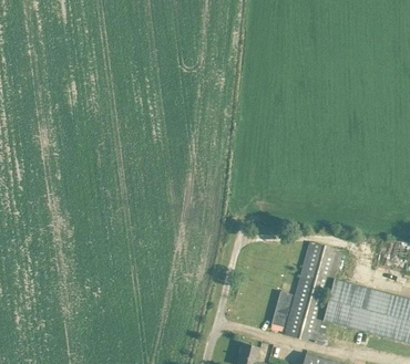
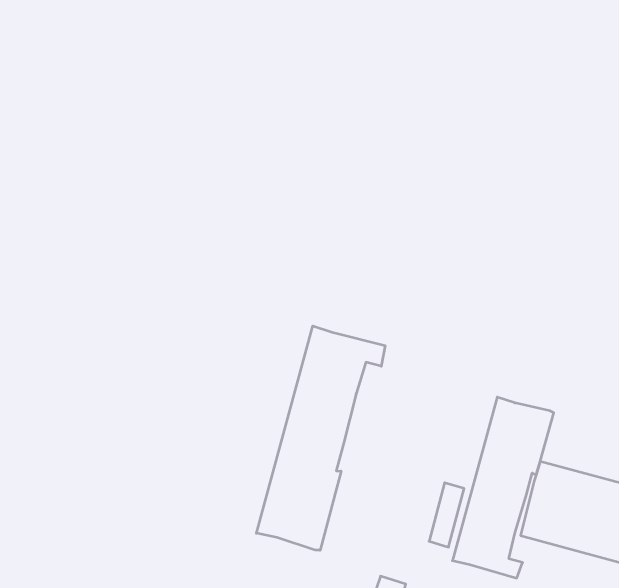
building: none -> [256,326,385,550]

